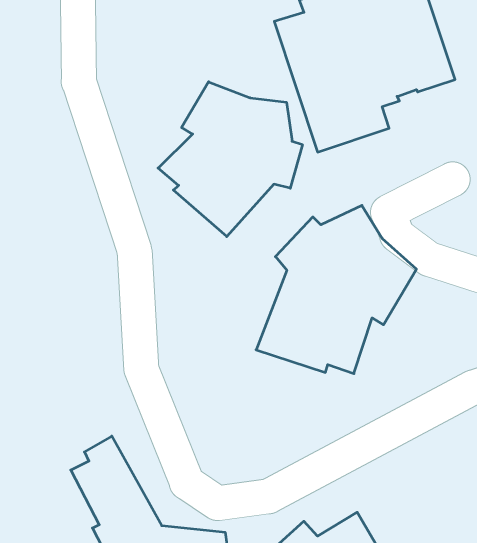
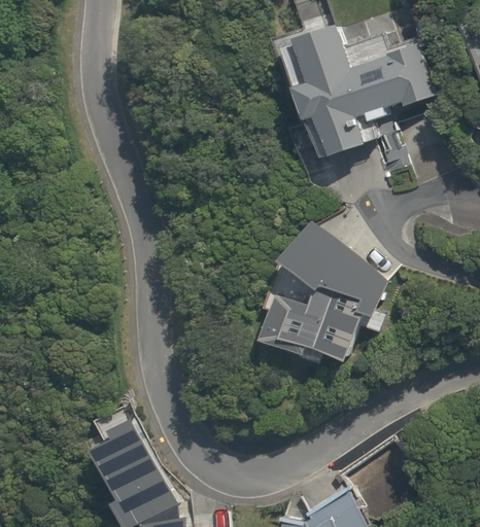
building: [158,82,302,237] -> none

